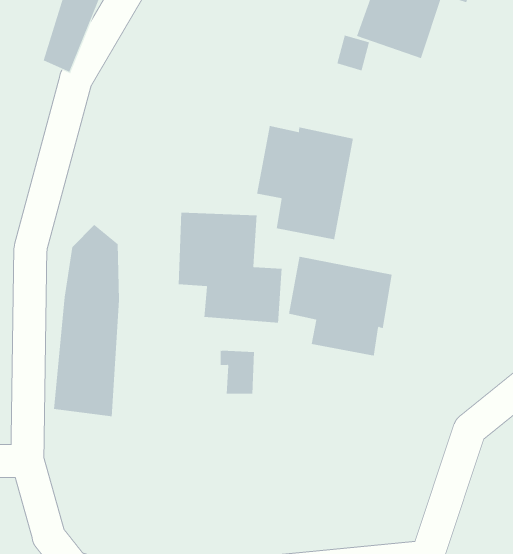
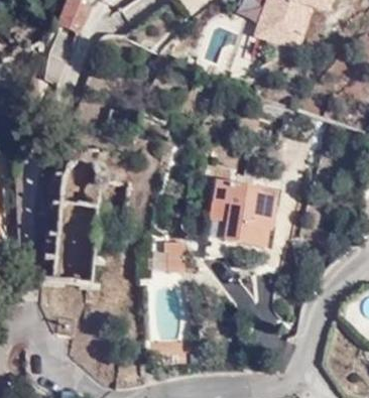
building: [257,125,353,240] -> none
building: [178,212,282,324] -> none

